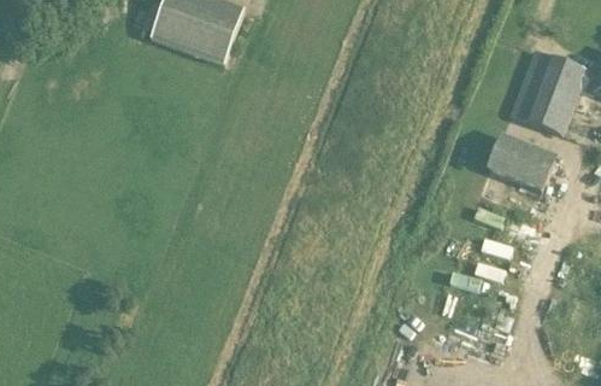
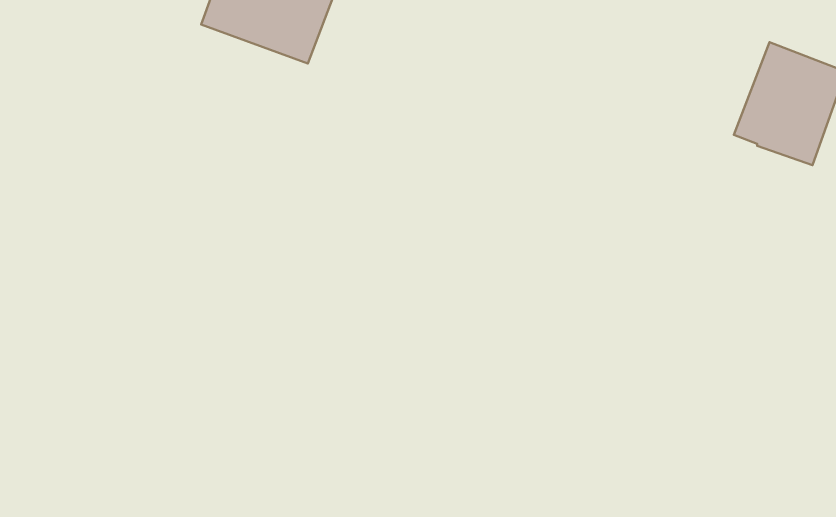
building: [488,136,552,191] -> none

